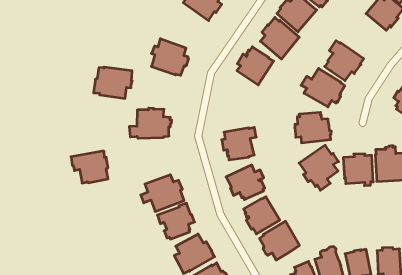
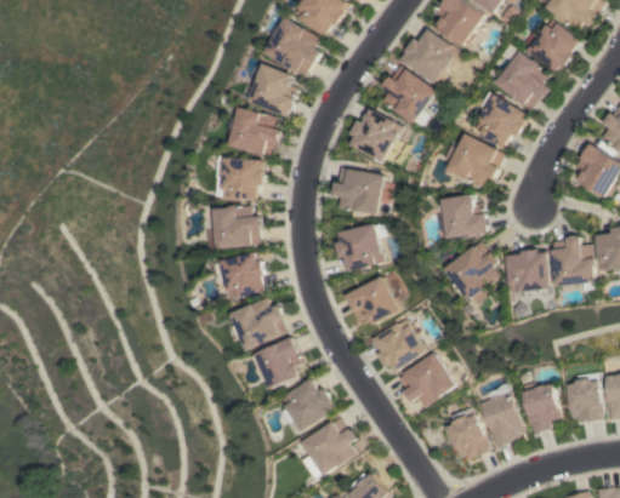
building: none -> [245,63,297,115]
building: none -> [494,50,548,108]
building: [94,67,132,98] -> [211,158,265,200]
building: none -> [332,166,383,214]
building: [71,151,108,183] -> [211,251,266,298]

